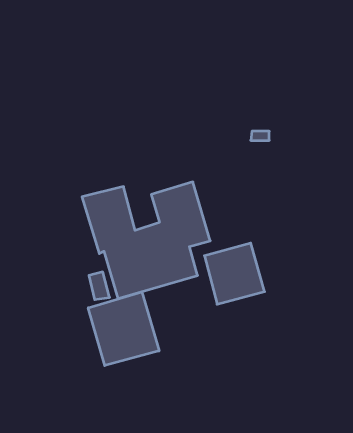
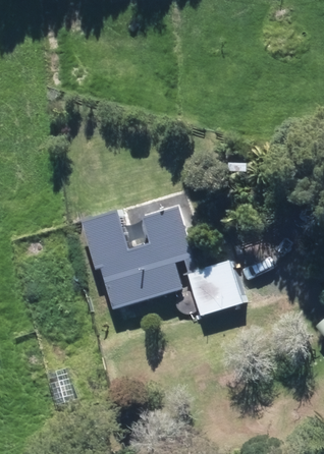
building: [88,292,159,366] -> none

